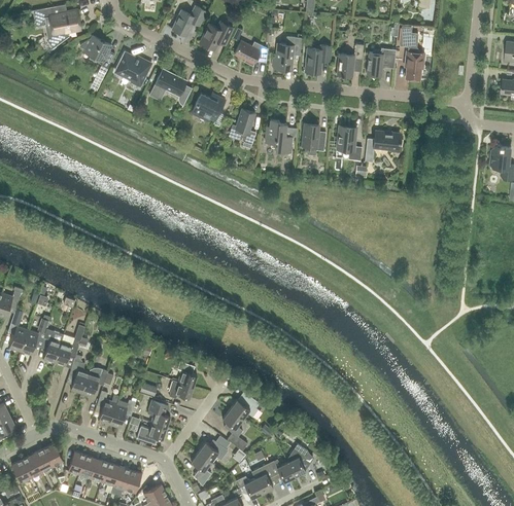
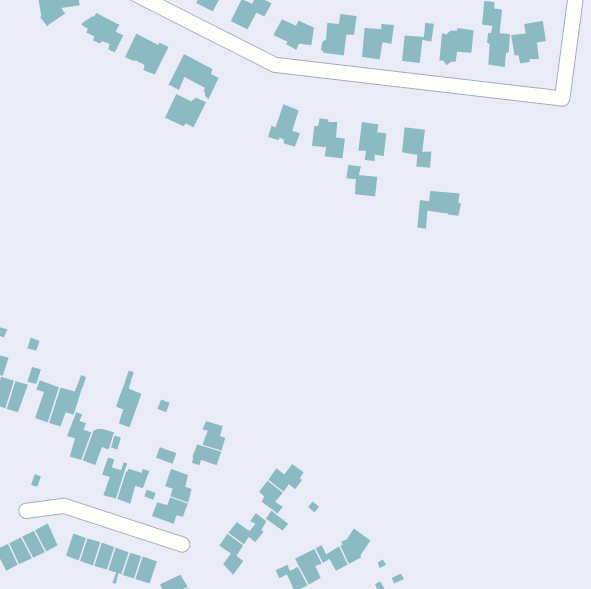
building: none -> [511,20,547,64]
building: [192,93,226,120] -> [164,93,207,128]
building: [365,131,401,161] -> [417,190,462,229]
building: none -> [346,164,378,197]
building: none -> [115,370,142,428]

